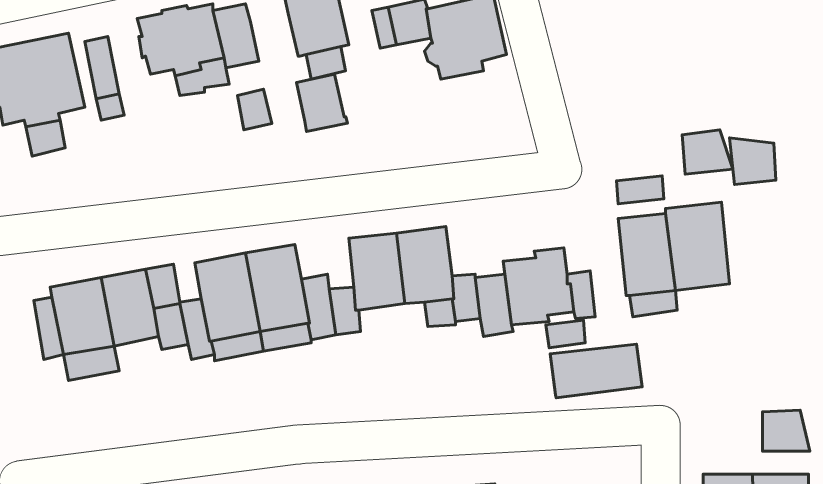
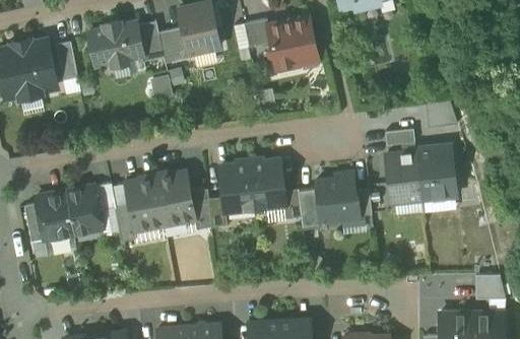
building: [297,74,348,131] -> [158,26,190,62]
building: [730,138,776,184] -> none
building: [550,344,642,398] -> none

